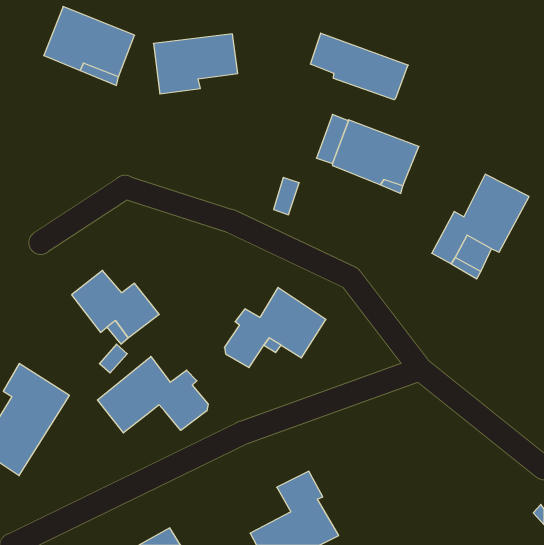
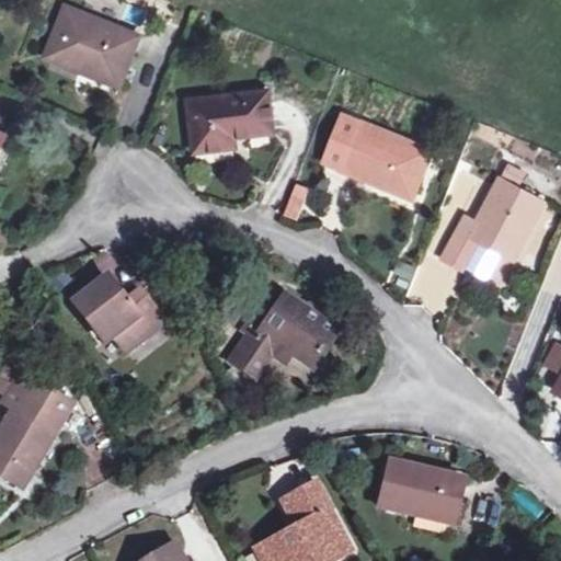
building: [311,33,408,100] -> none
building: [153,34,238,94] -> [187,91,274,152]
building: [97,356,208,433] -> none
building: none -> [377,460,462,516]

